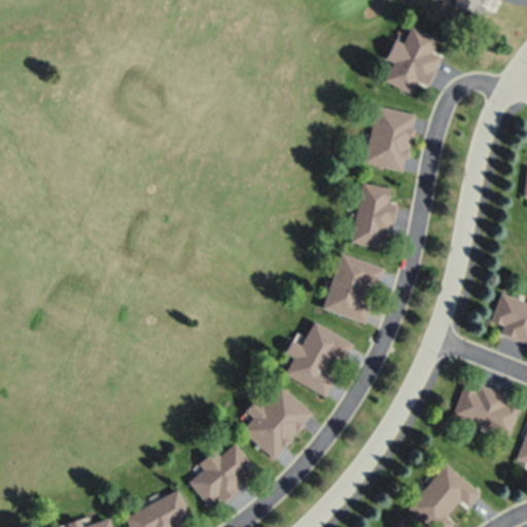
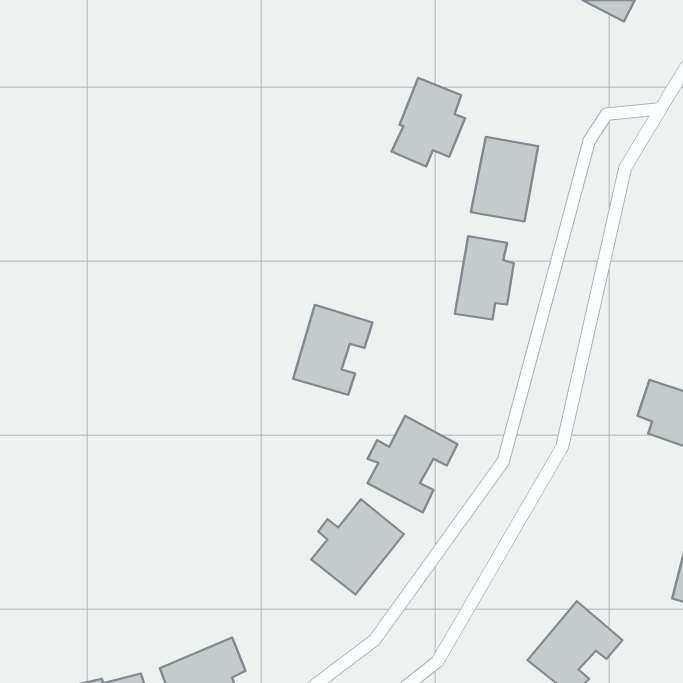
building: [384,26,441,94] -> [391,78,465,166]
building: [323,253,384,322] -> [293,305,372,395]
building: [452,385,519,435] -> none
building: [185,443,253,505] -> none

